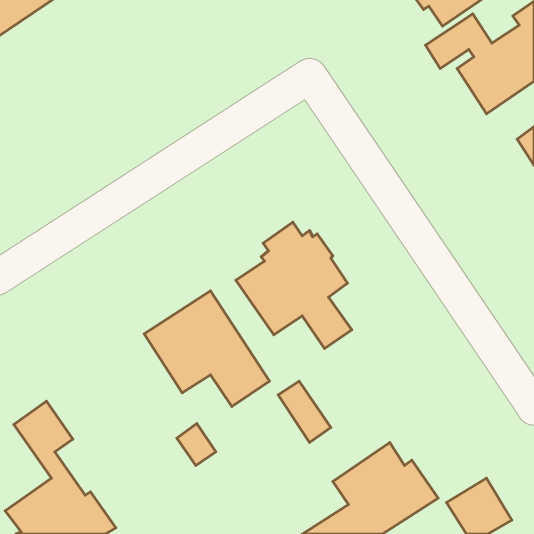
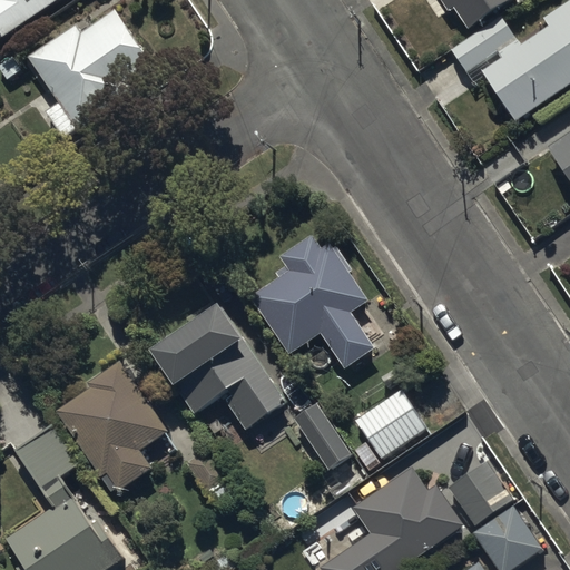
building: none -> [29,9,154,137]
building: none -> [57,361,168,495]
building: none -> [355,390,424,456]
building: none -> [446,461,511,525]

